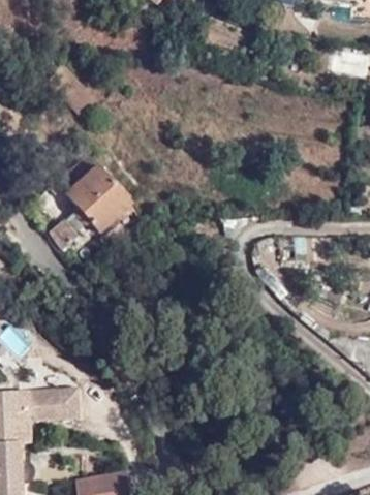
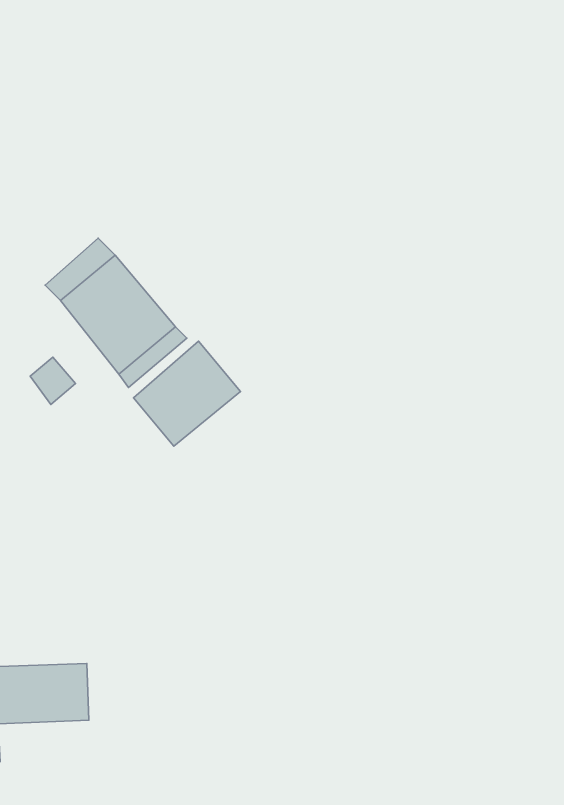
building: none -> [133,341,240,446]

